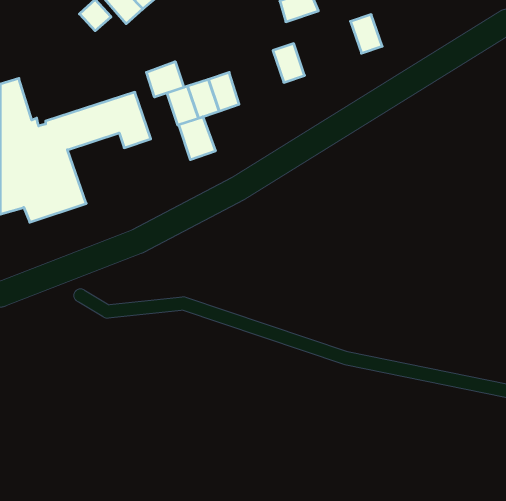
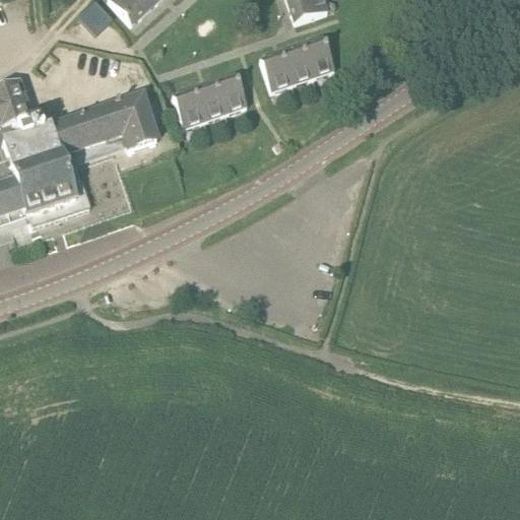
building: [350,15,382,53] -> [302,38,334,77]
building: none -> [259,52,291,91]
building: [146,62,184,97] -> none
building: [179,117,215,160] -> none

